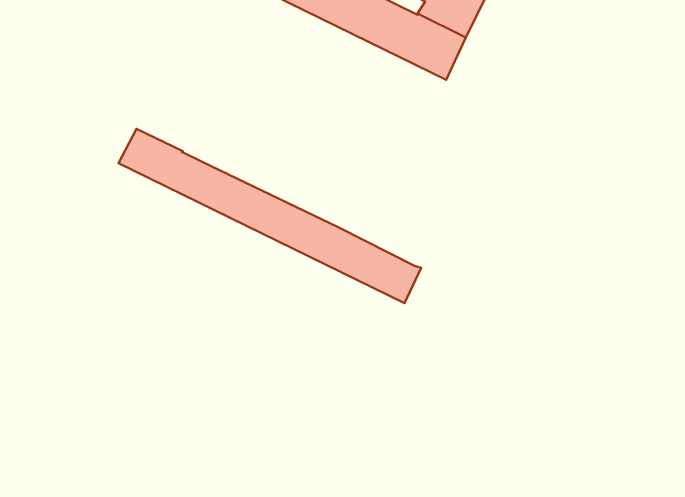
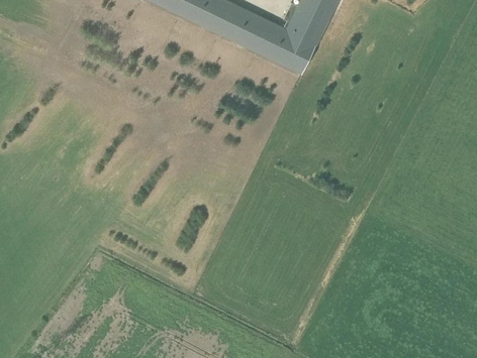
building: [119,129,421,303] -> none

